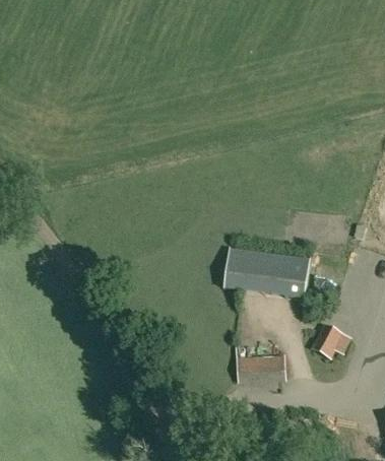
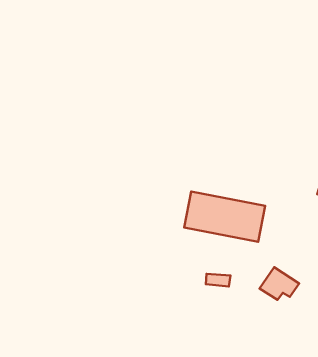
building: [235,353,284,382] -> none

